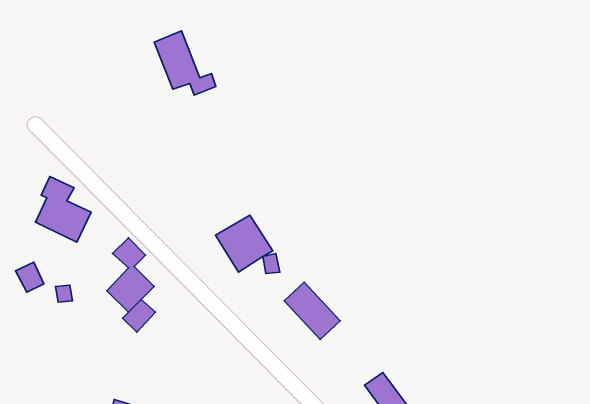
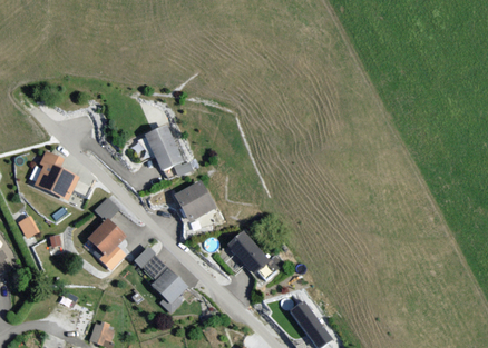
building: [154,31,216,95] -> [145,126,193,176]
building: none -> [141,252,187,311]

